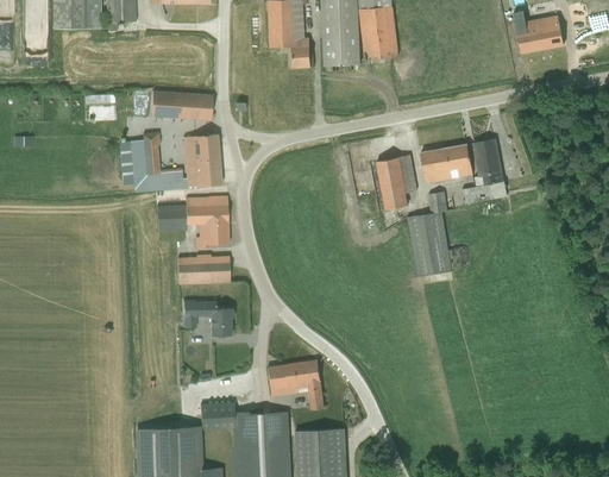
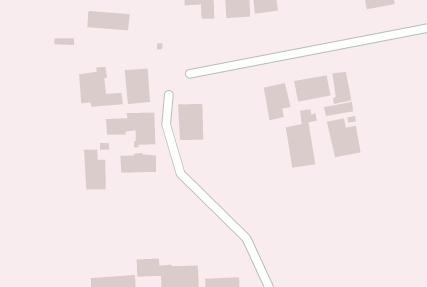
building: [150,90,212,120] -> [87,10,131,31]
building: none -> [177,103,204,141]
building: none -> [326,118,361,158]
building: none -> [83,149,107,190]
building: [194,301,232,334] -> none
building: [266,359,325,408] -> none

